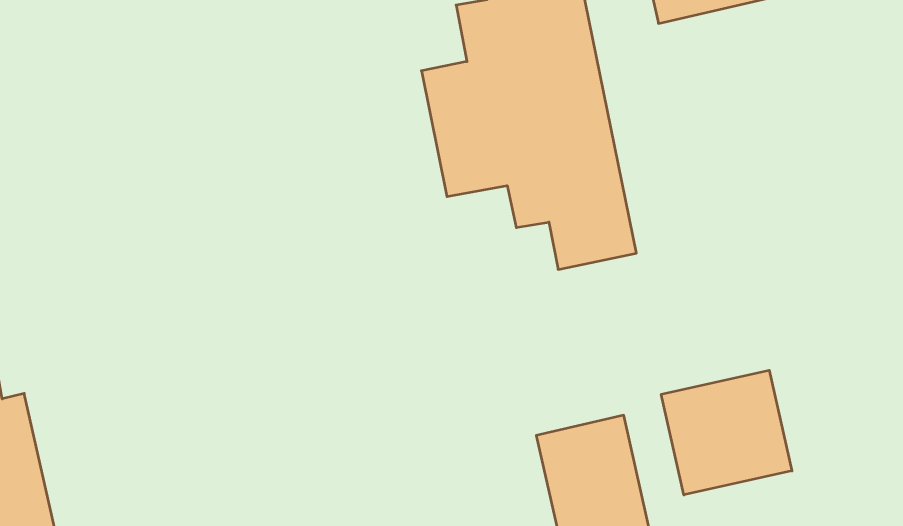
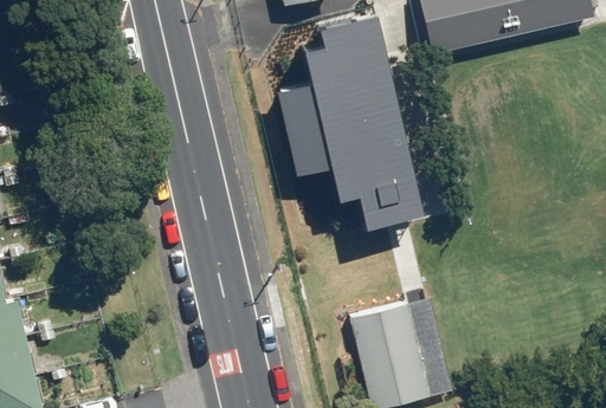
building: [661,370,792,495] -> none

